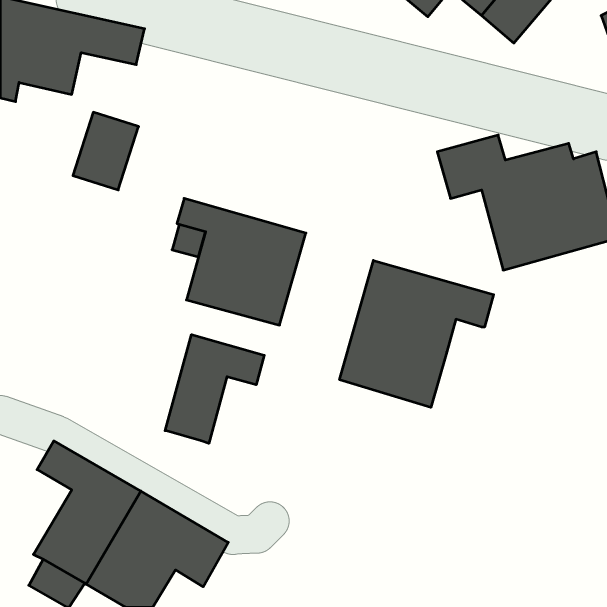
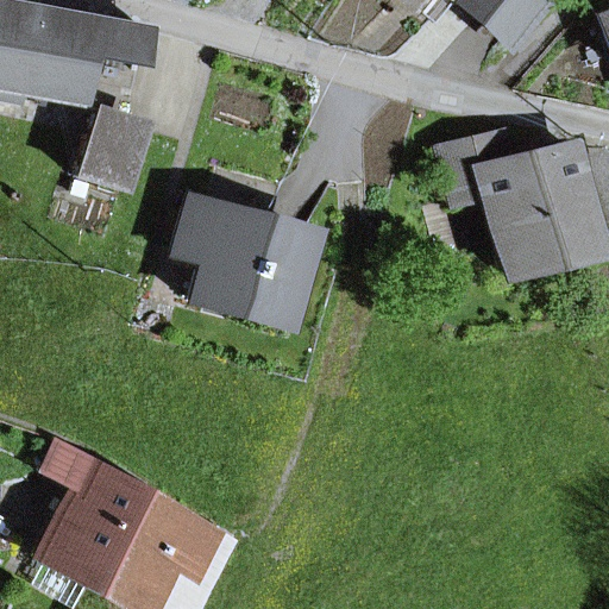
building: [340,260,494,407] -> none
building: [165,335,264,443] -> none

